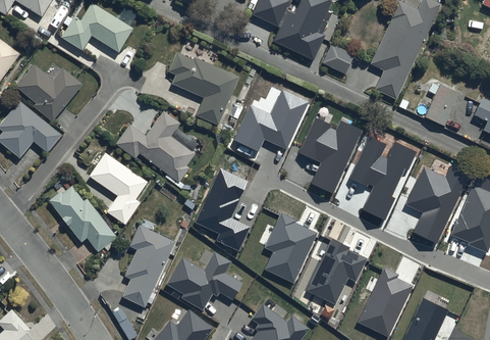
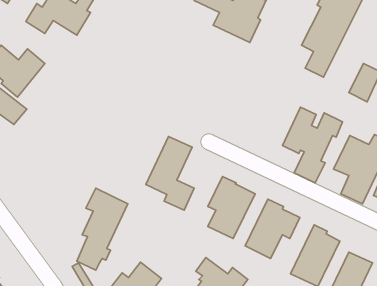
building: [322,43,353,75] -> none
building: [168,54,237,126] -> none
building: [234,87,310,149] -> none
building: [115,111,195,184] -> none
building: [298,115,363,191] -> none
building: [90,153,147,226] -> none
building: [49,186,115,252] -> none
building: [166,250,243,308] -> none

